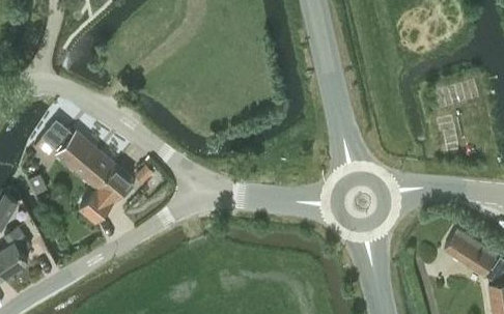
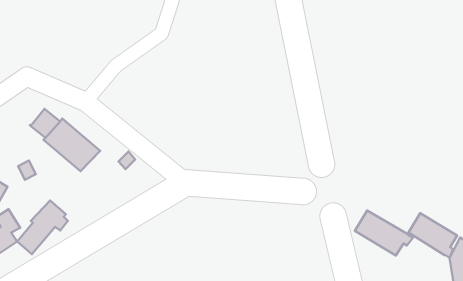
building: [80,165,134,222] -> [17,200,68,254]
building: none -> [355,210,413,255]

